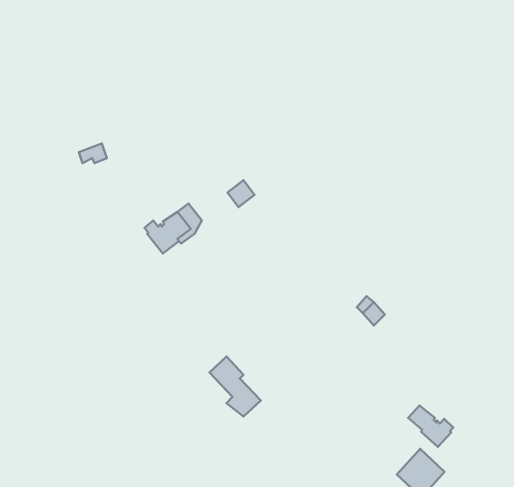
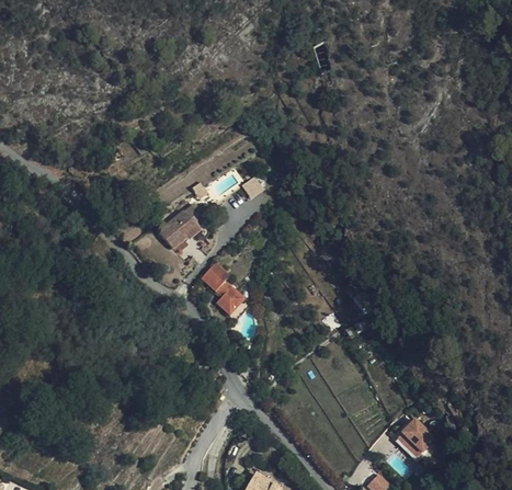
building: [209,357,261,416] -> [205,261,251,315]
building: [408,405,453,447] -> none

